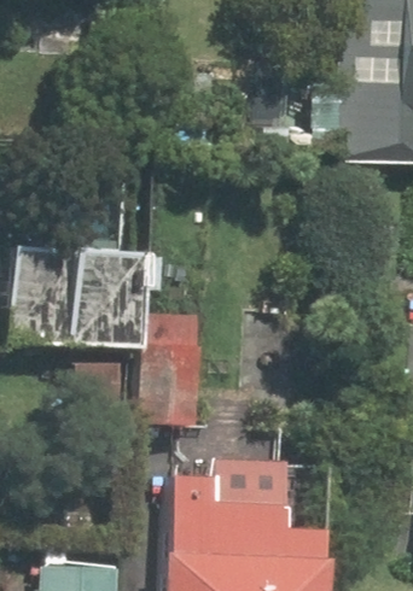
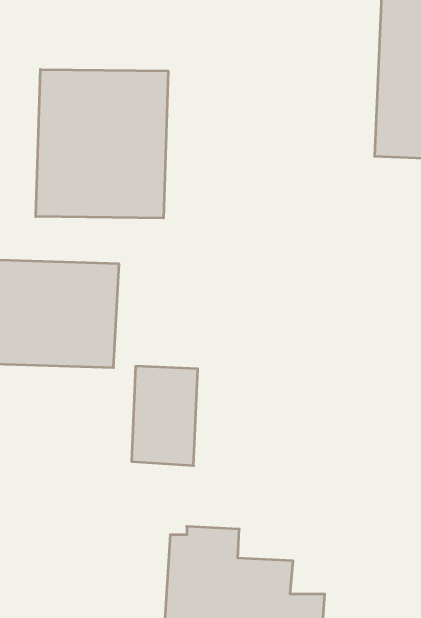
building: none -> [36,69,168,218]

